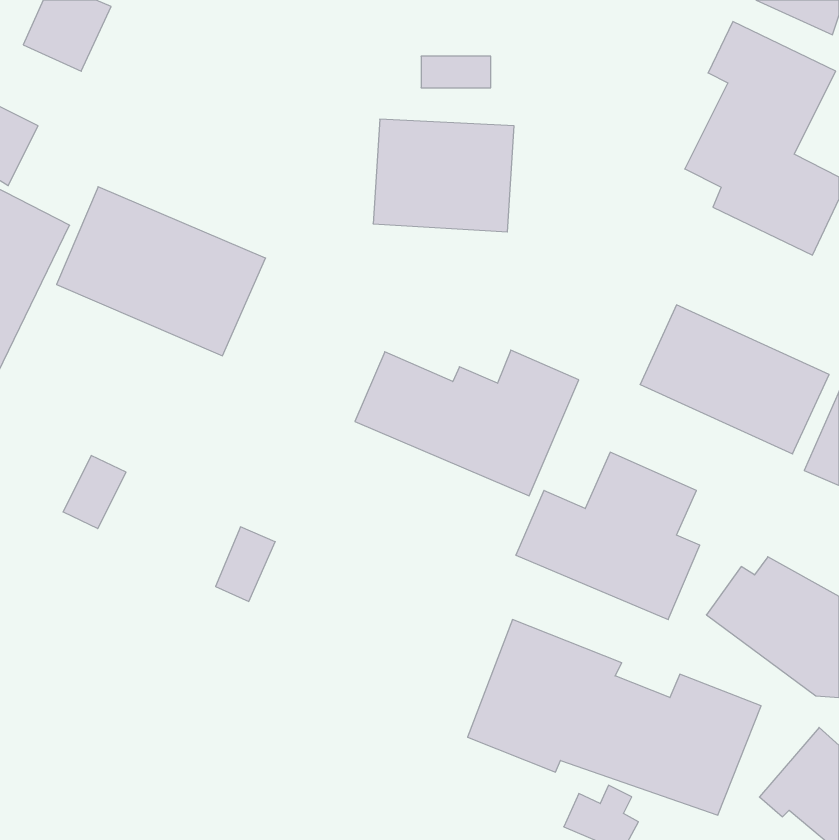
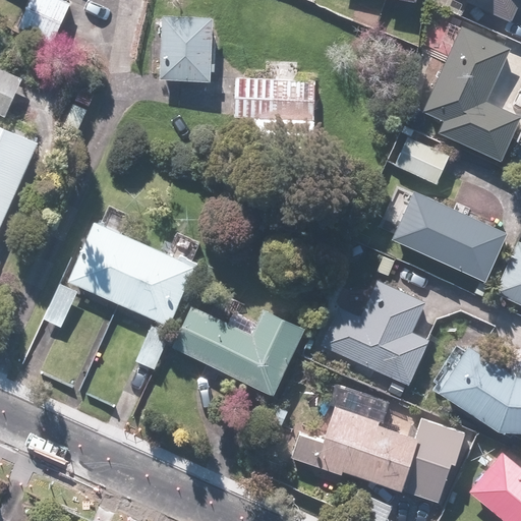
building: none -> [162,18,215,80]
building: [57,187,266,356] -> [69,223,197,327]
building: none -> [394,136,450,188]
building: [355,350,579,496] -> [170,304,307,394]

